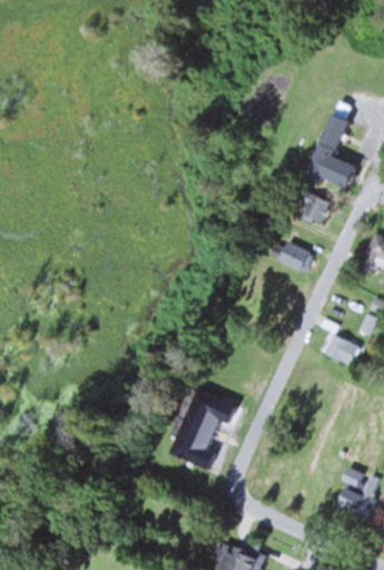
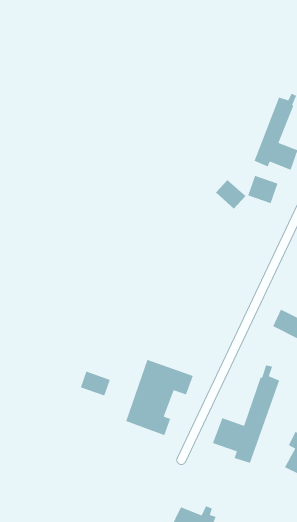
building: [276,240,309,273] -> [215,179,246,209]
building: none -> [212,364,280,464]
building: none -> [80,370,111,397]

